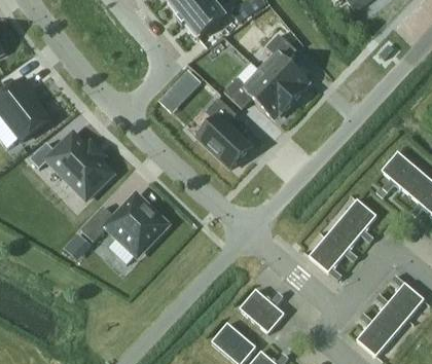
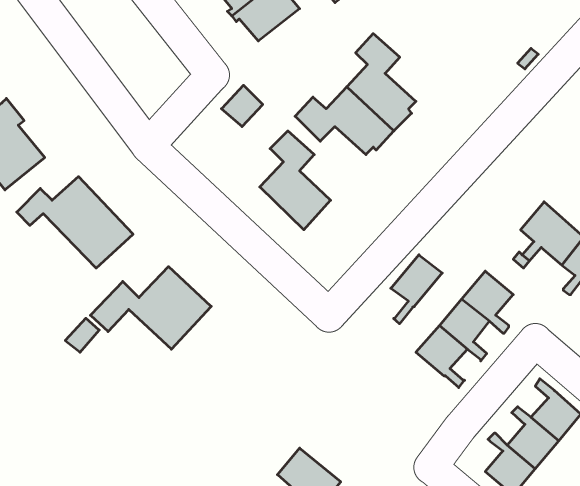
building: none -> [391,255,442,324]
building: [240,289,285,332] -> none

